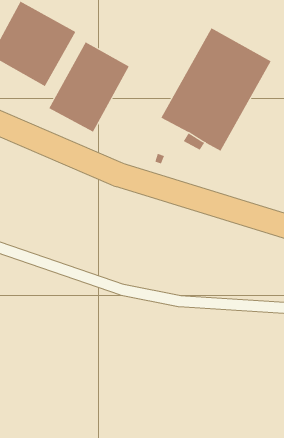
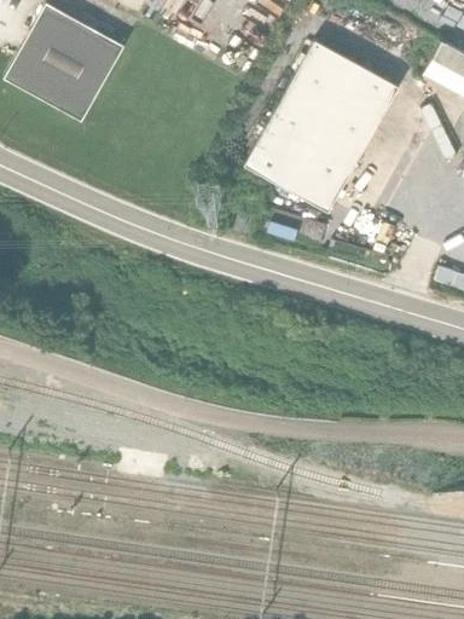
building: [48,41,129,132] -> none

